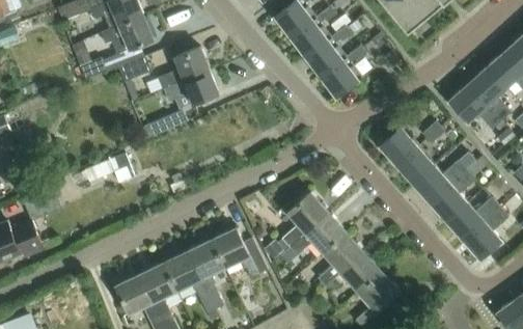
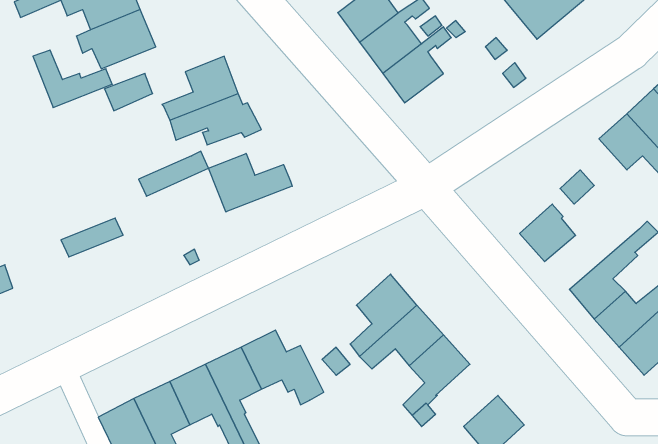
building: [320,46,367,97] -> none
building: none -> [209,153,292,212]
building: [380,127,418,164] -> none
building: [413,154,476,201] -> none
building: [340,251,382,293] -> none

